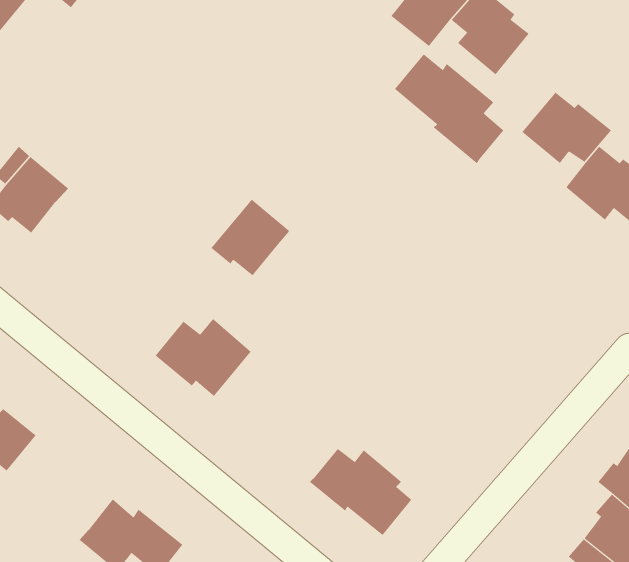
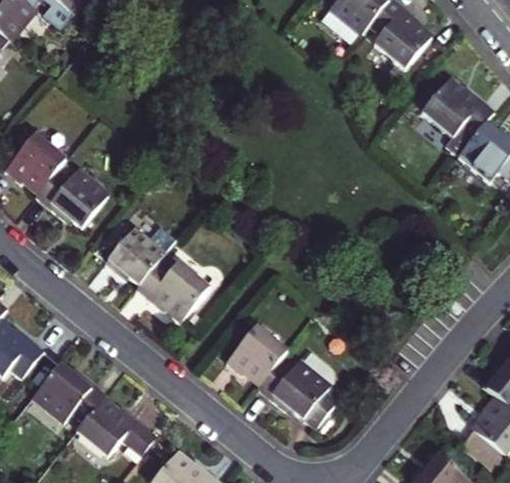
building: [394,54,504,164] -> none
building: [210,199,290,276] -> [106,223,168,283]
building: none -> [36,167,110,227]
building: none -> [227,326,286,383]
building: none -> [33,364,107,424]

